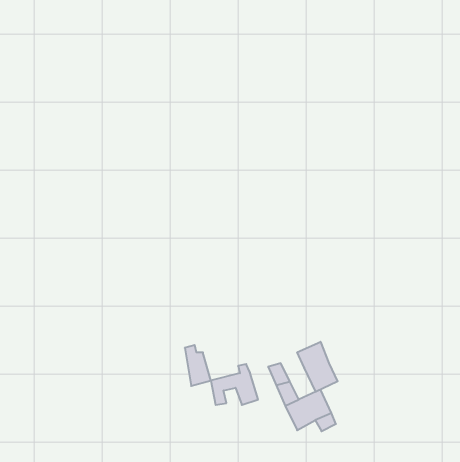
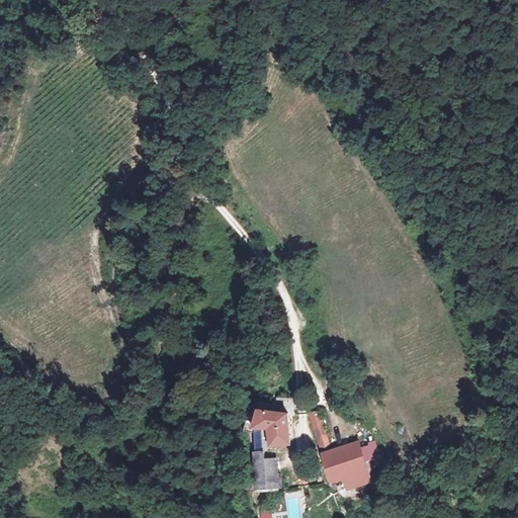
building: [297,342,338,392] -> none
building: [185,345,211,386] -> [255,454,284,500]

